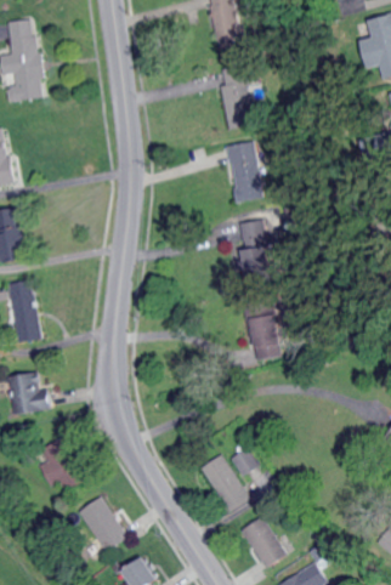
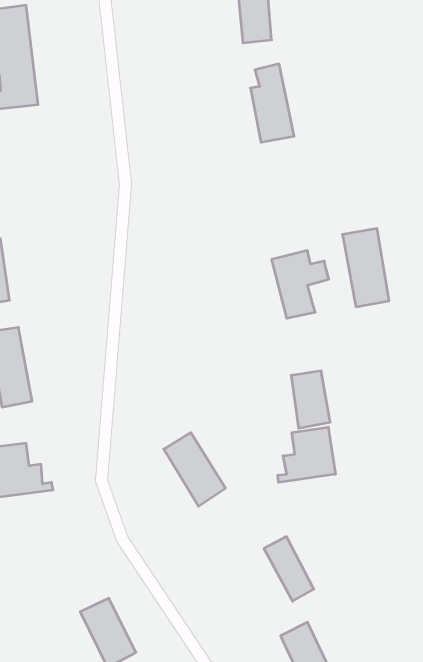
building: [223,141,261,204] -> [342,228,389,307]
building: none -> [278,427,335,482]
building: [38,439,84,489] -> none
building: [199,454,249,513] -> [164,433,225,506]

